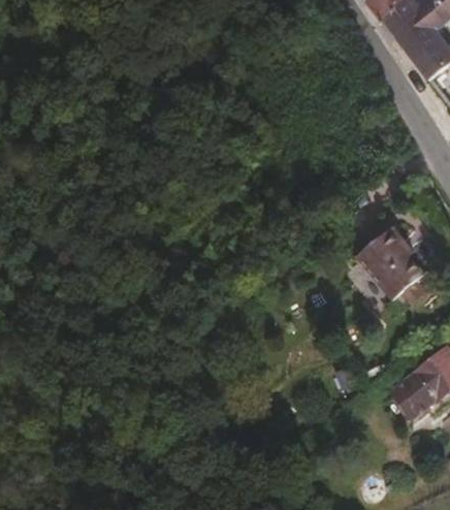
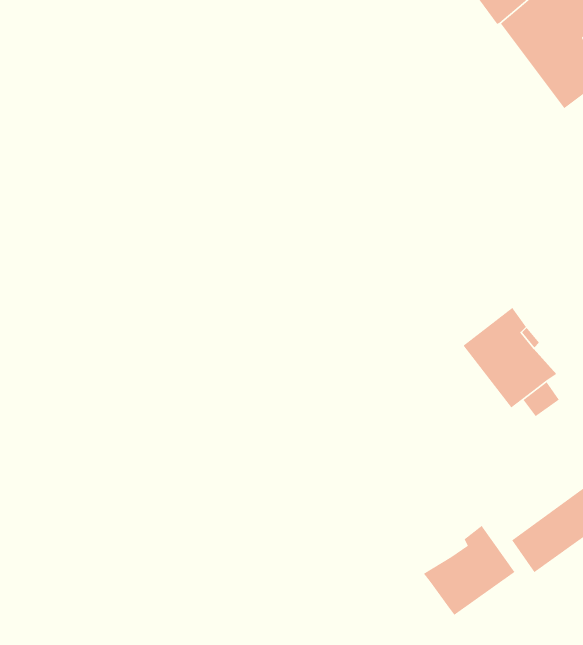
building: none -> [423,525,516,616]

